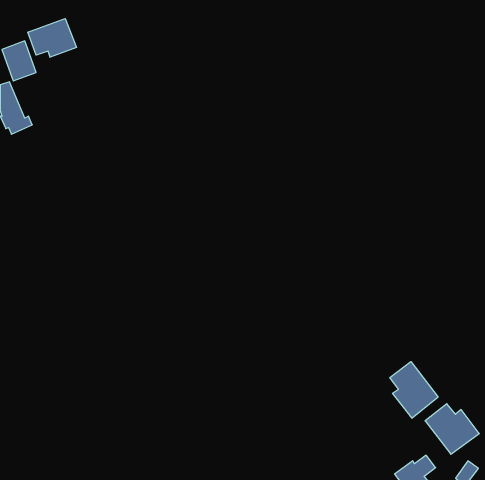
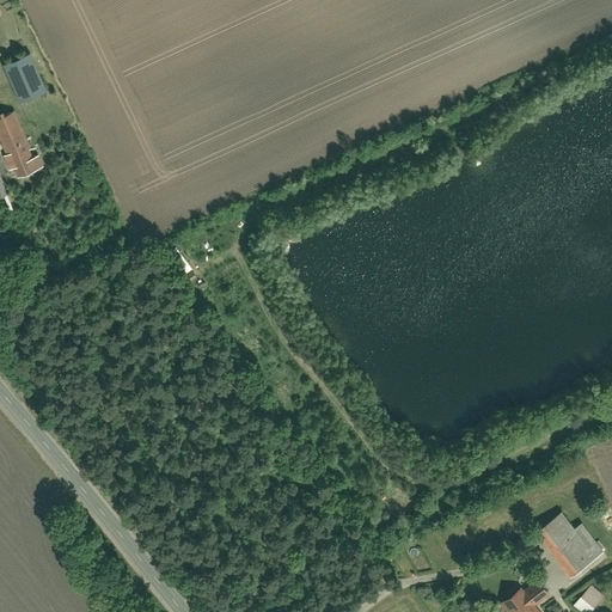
building: [28,19,77,57] -> none
building: [390,362,438,418] -> none

